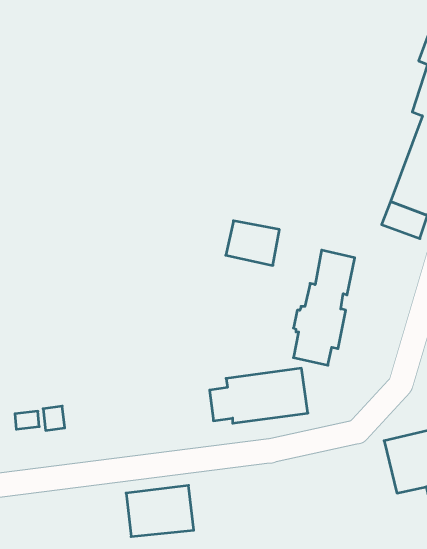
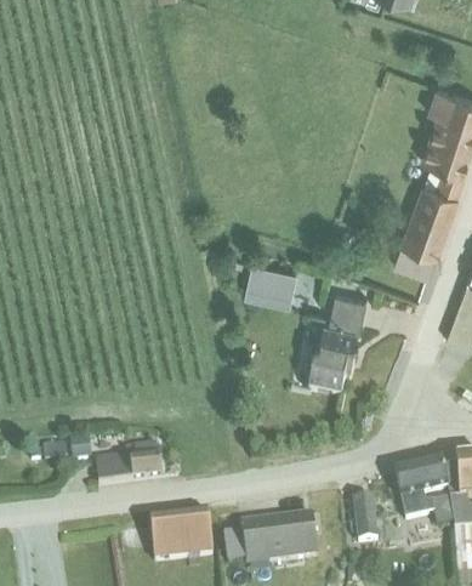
building: [210,368,308,423] -> [226,511,319,563]
building: none -> [96,439,164,480]
building: none -> [354,494,379,539]

